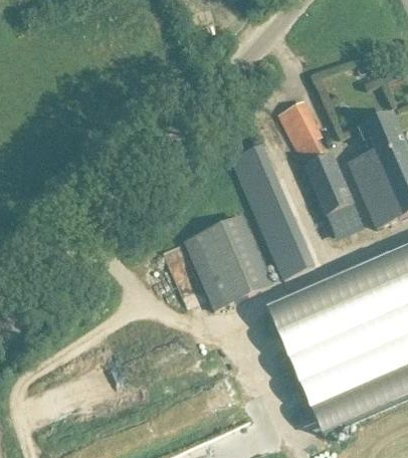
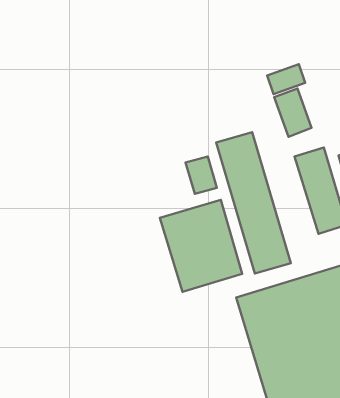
building: none -> [267,64,305,94]
building: none -> [186,156,217,194]

